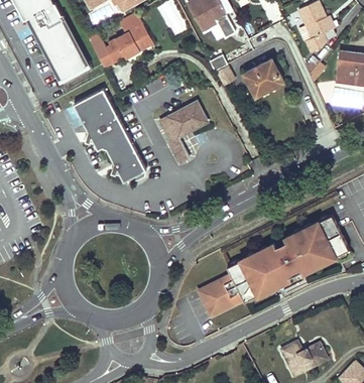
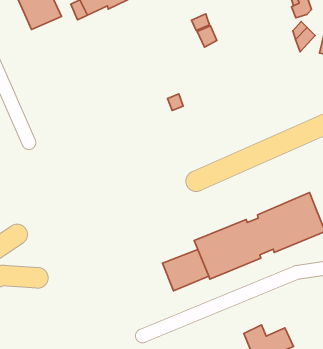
building: [244,56,283,94] -> none
building: [75,88,146,180] -> none
building: [160,103,207,162] -> none

